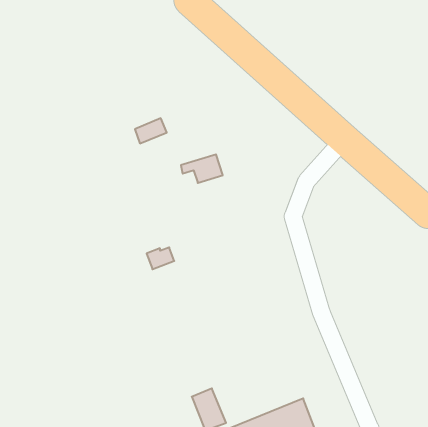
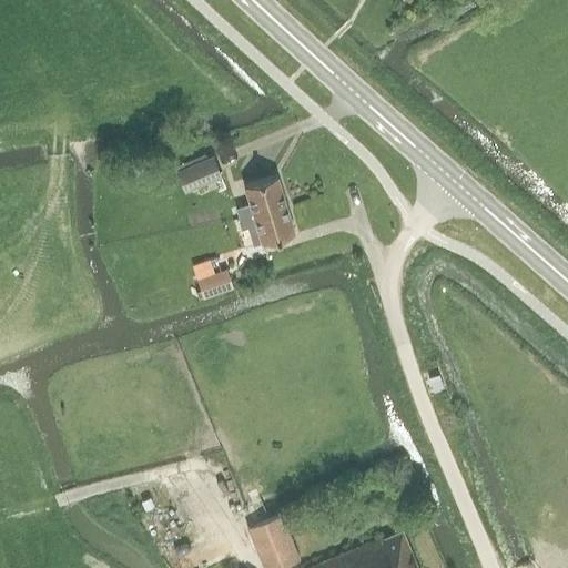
building: none -> [236,178,286,221]
building: [147,247,174,269] -> [195,271,232,300]

